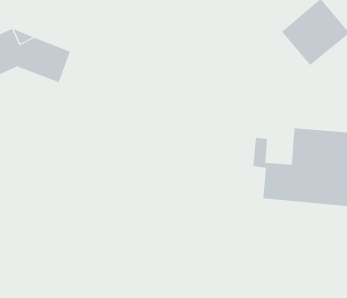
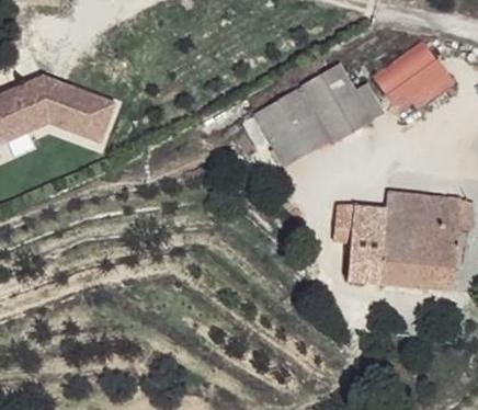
building: none -> [251,65,386,169]
building: none -> [352,207,385,240]

